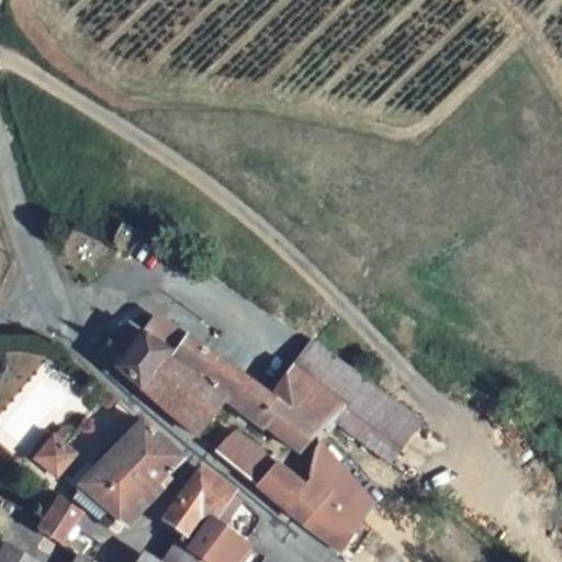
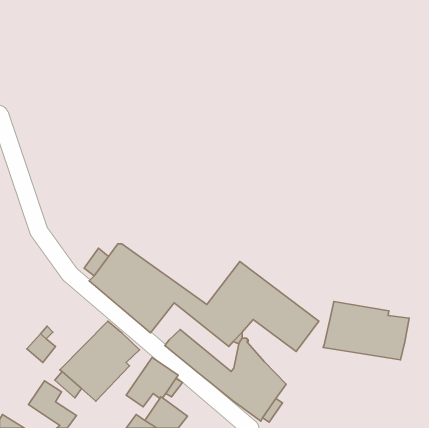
building: none -> [323,302,409,360]

